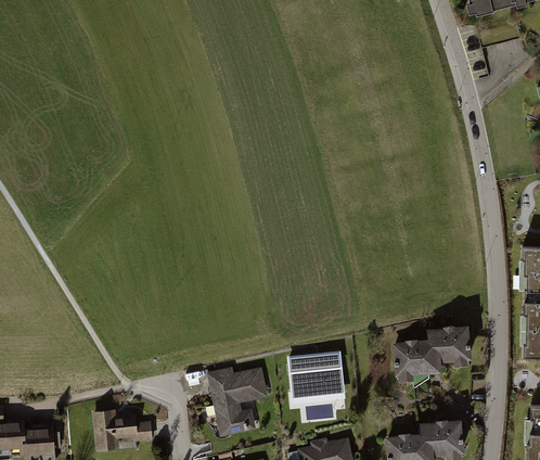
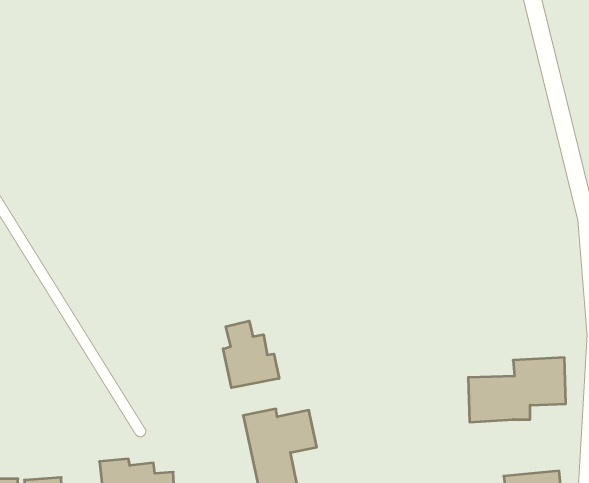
building: none -> [223,321,279,388]
building: [287,355,345,410] -> none

